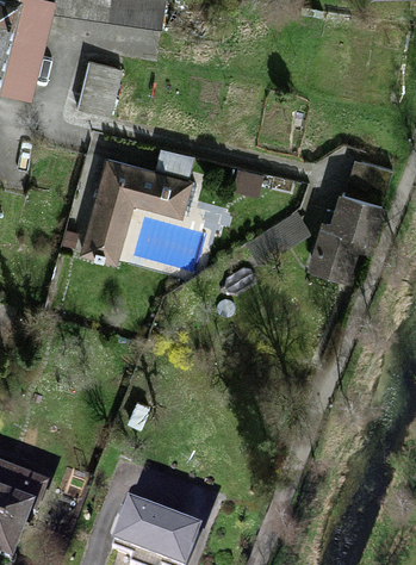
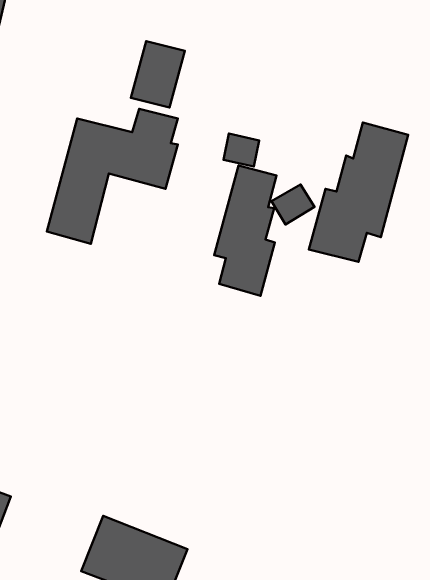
building: [76,62,123,119] -> [131,41,185,108]
building: none -> [214,165,277,296]

